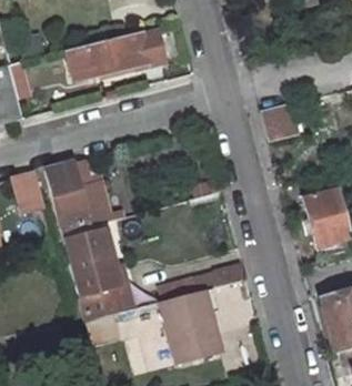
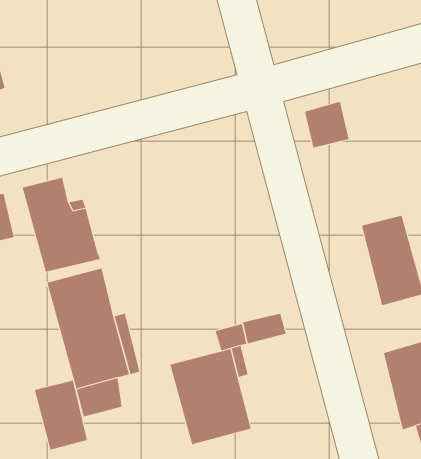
building: [63,32,168,80] -> none
building: none -> [34,380,88,451]

